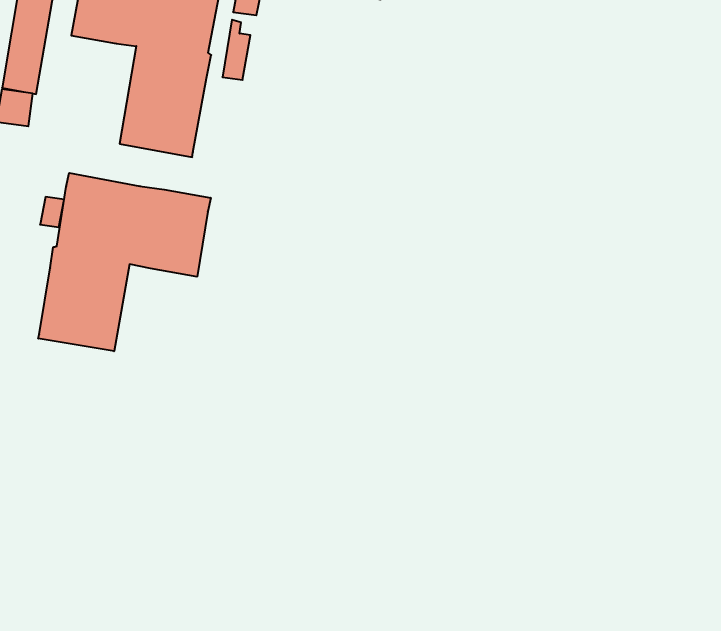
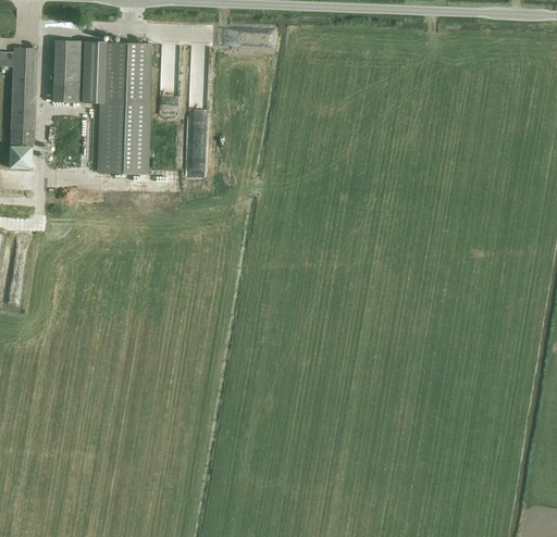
building: none -> [185,113,208,179]
building: [38,173,211,351] -> none

